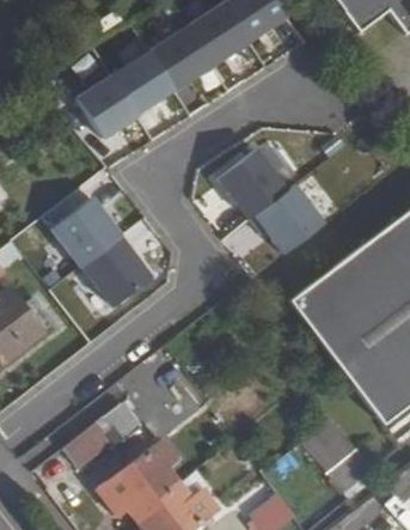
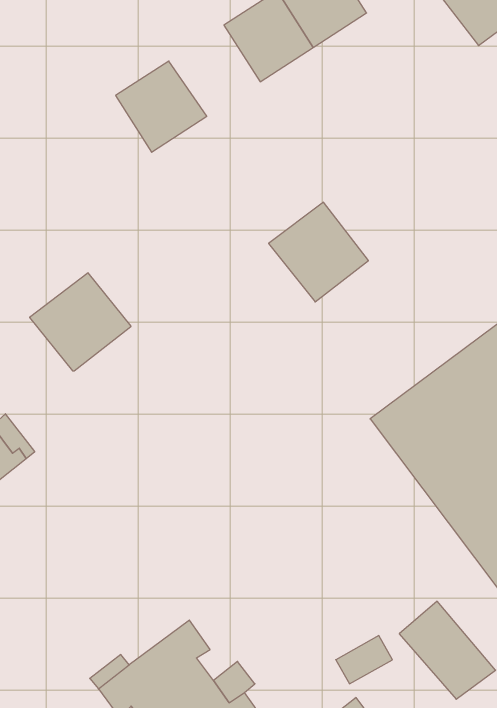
building: [149,25,213,89] -> none
building: [78,74,139,138] -> none
building: [251,183,326,254] -> none
building: [84,236,153,306] -> none
building: [67,402,146,464] -> none

